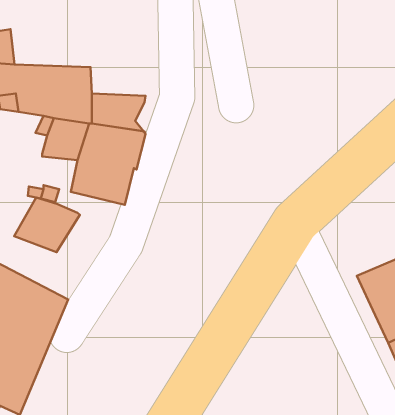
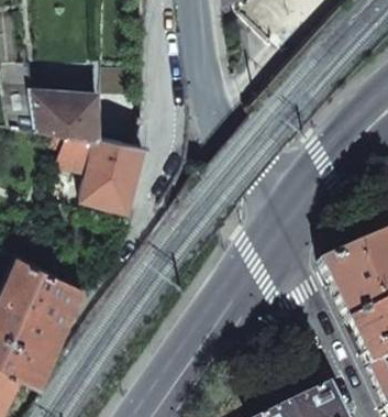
building: [14,197,80,252] -> none

